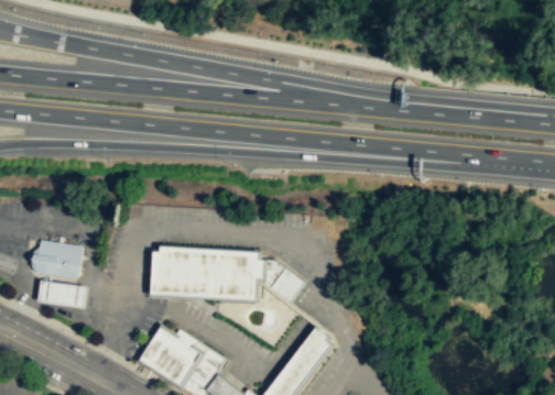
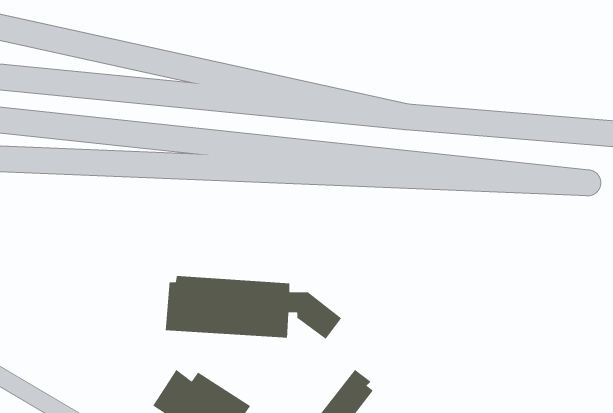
building: [29,240,81,278] -> none
building: [36,279,86,307] -> none

